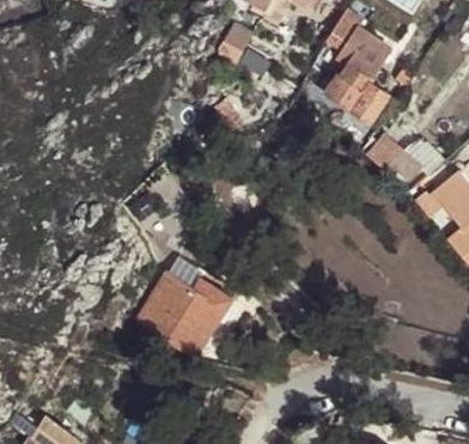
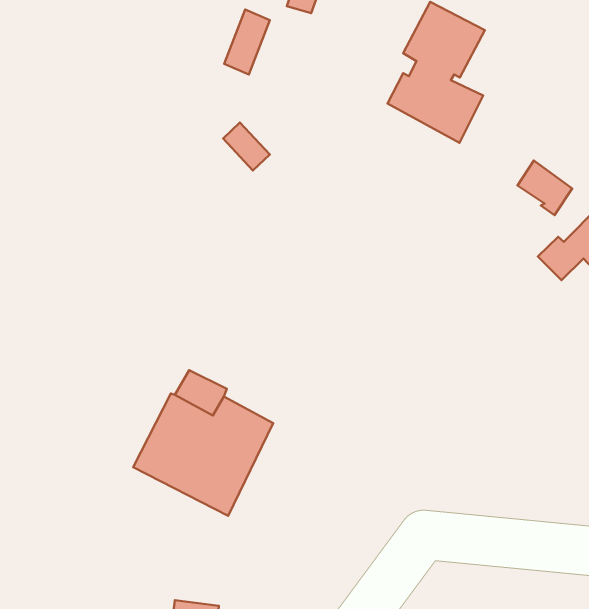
building: [370,122,422,181] -> none

